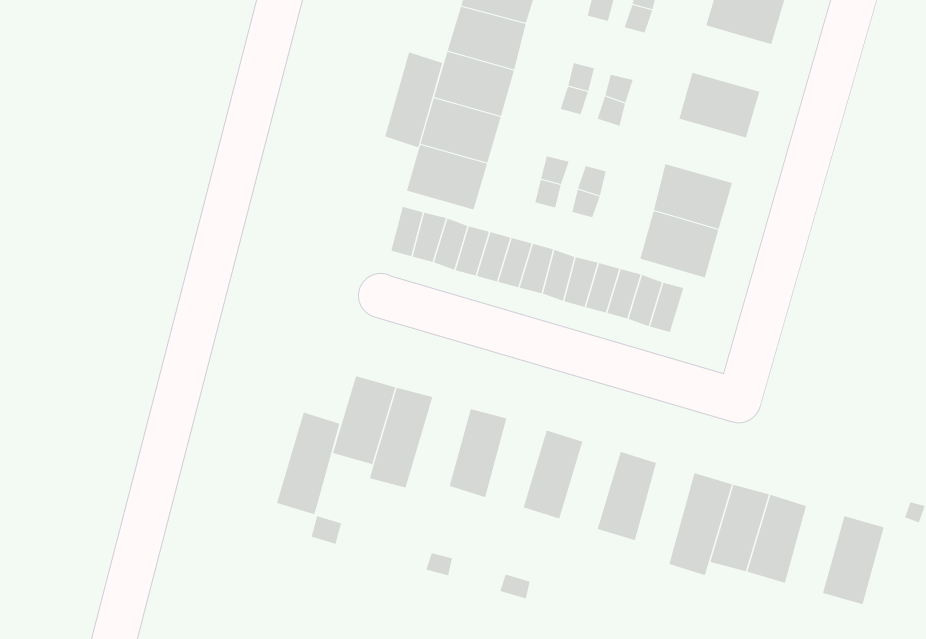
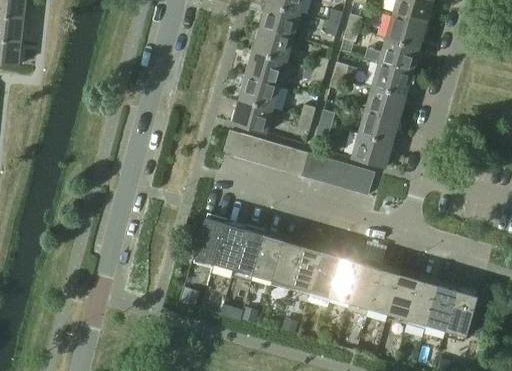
building: none -> [378,38,419,72]
building: [384,51,443,148] -> none
building: none -> [364,86,406,119]
building: [276,412,340,515] -> [231,229,264,282]
building: none -> [272,240,303,286]
building: none -> [310,252,341,297]
building: none -> [346,263,379,316]
building: none -> [426,285,456,330]

